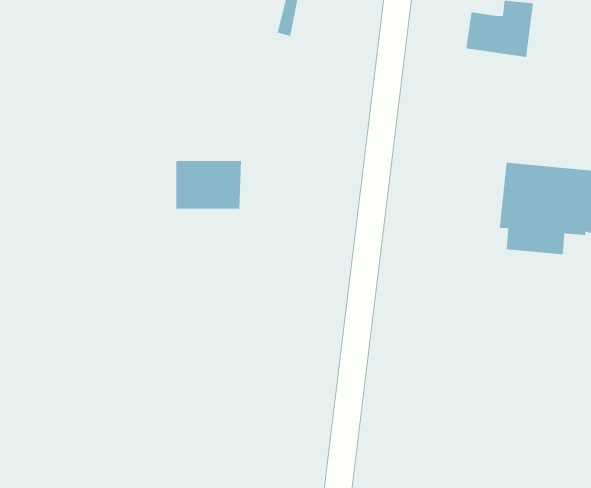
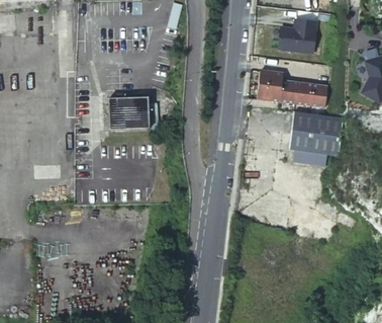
building: none -> [249,64,321,100]

